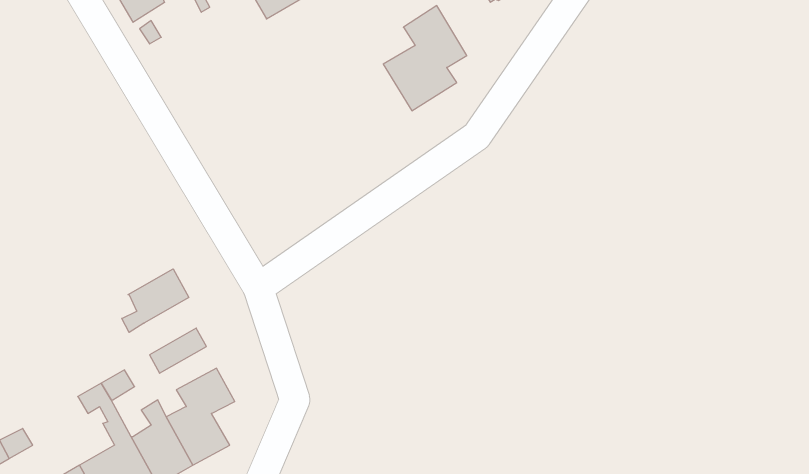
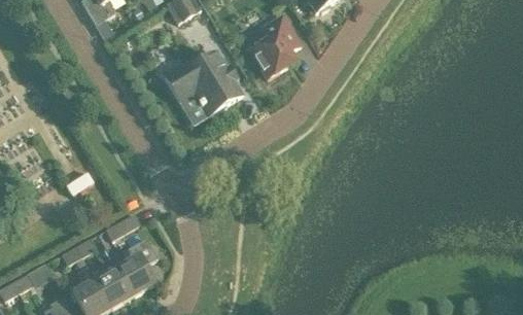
building: none -> [163,51,242,122]
building: [122,269,189,332] -> none

